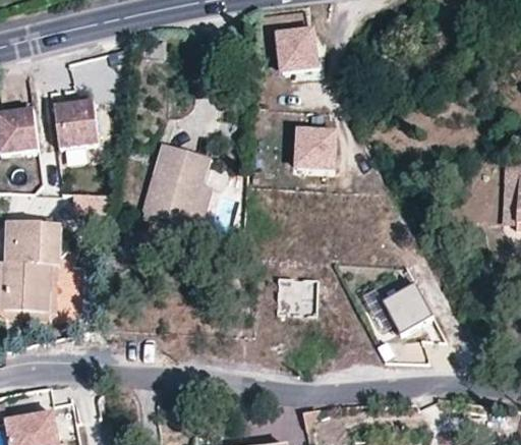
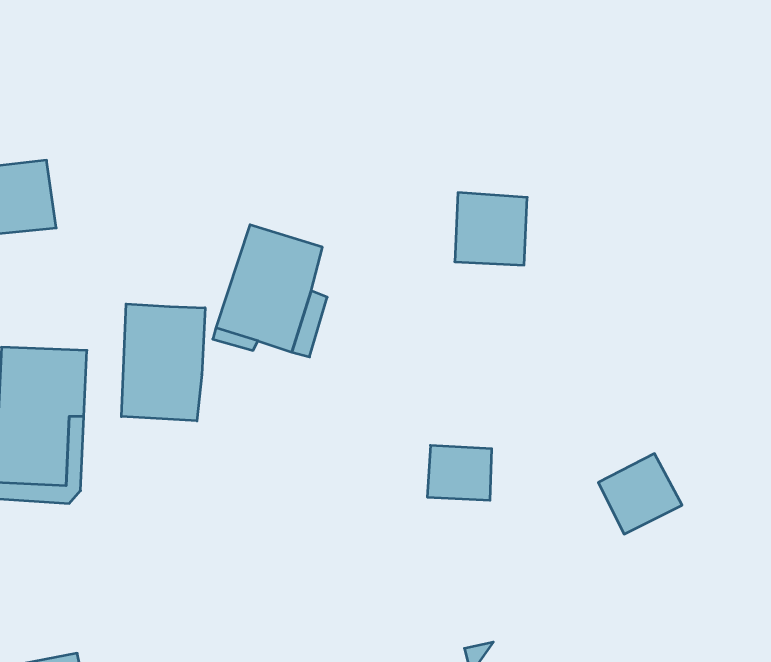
building: [274,23,321,70] -> none
building: [53,97,103,146] -> none
building: none -> [121,304,205,421]

